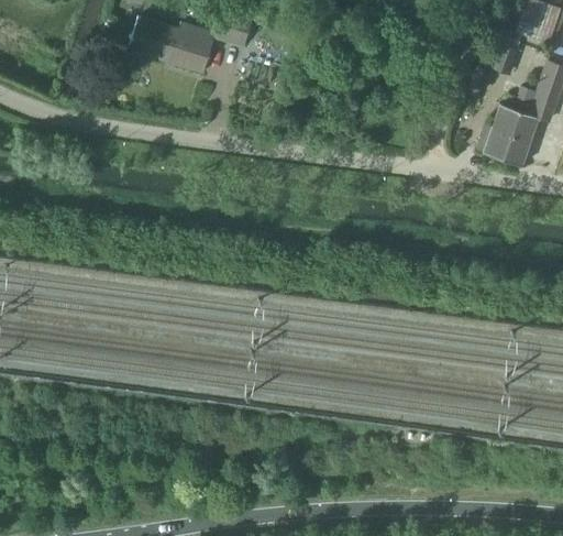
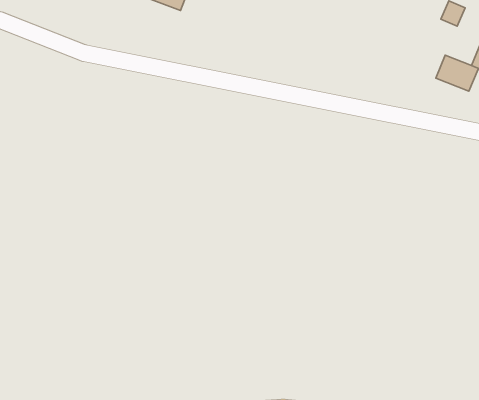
building: [484,130,529,166] -> none

